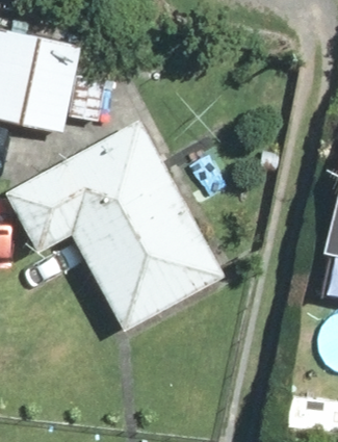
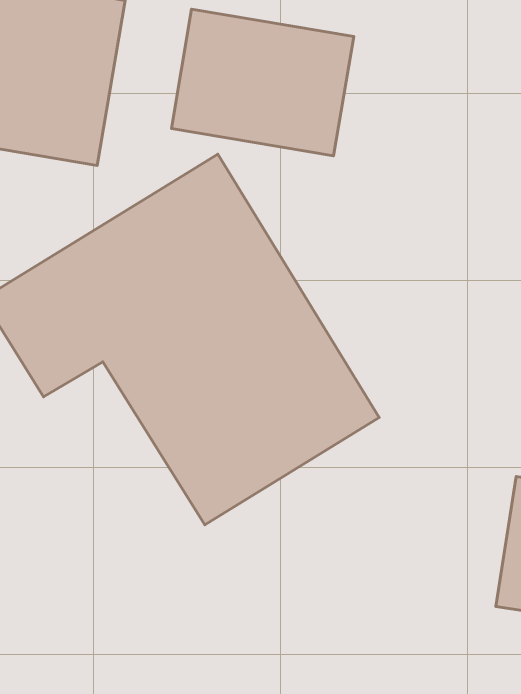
building: none -> [171,9,354,156]

